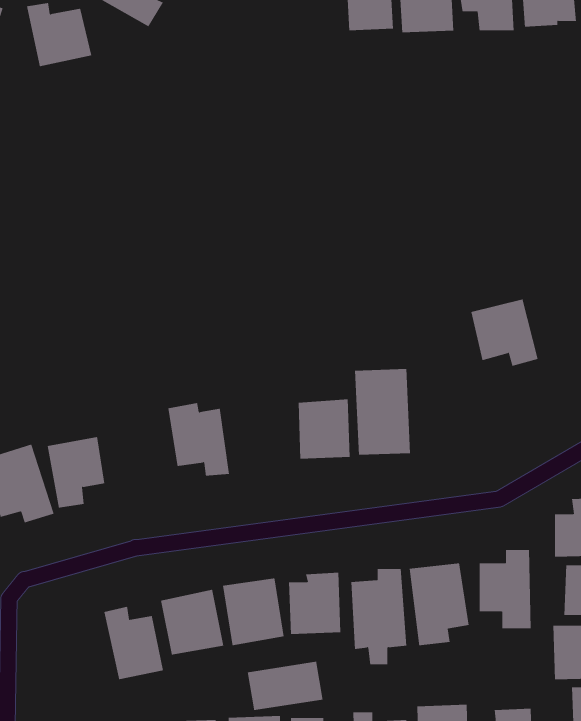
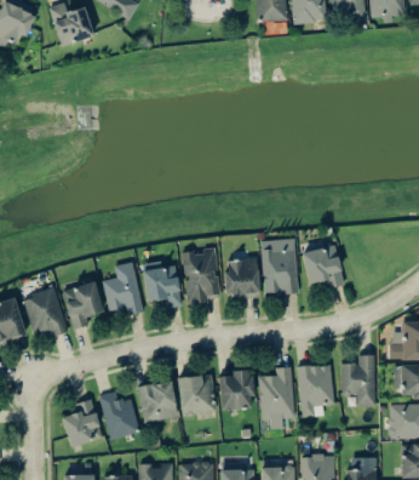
building: [470,299,538,367] -> [302,245,345,288]
building: none -> [183,247,220,303]
building: none -> [104,262,142,314]
building: none -> [62,399,103,447]
building: [247,661,323,711] -> none

